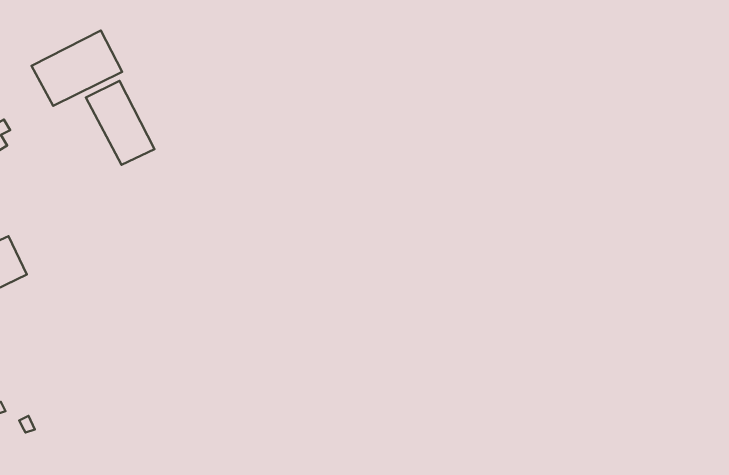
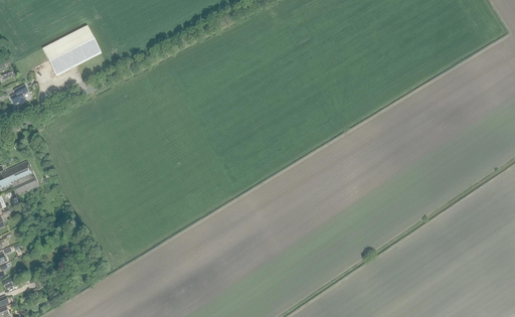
building: [86,81,155,165] -> none

